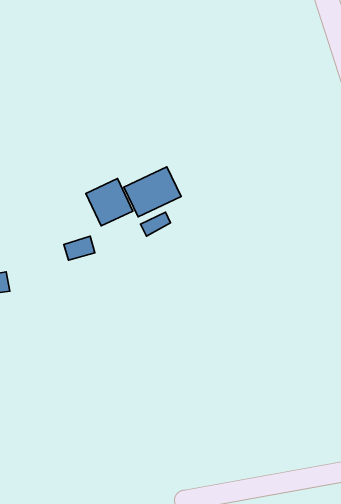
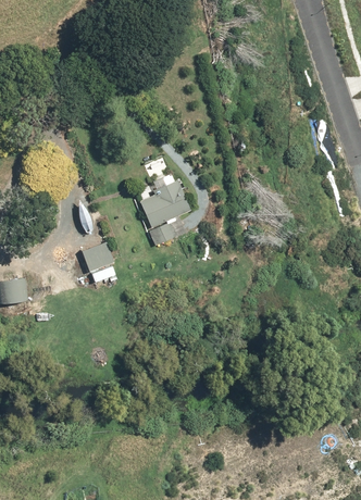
building: [86,179,133,226] -> none

